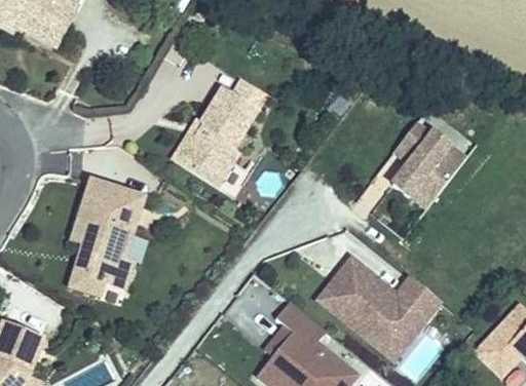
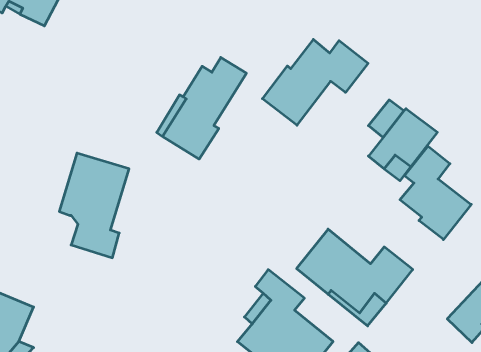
building: none -> [262,39,368,125]
building: none -> [400,146,471,240]
building: [68,243,104,297] -> none

